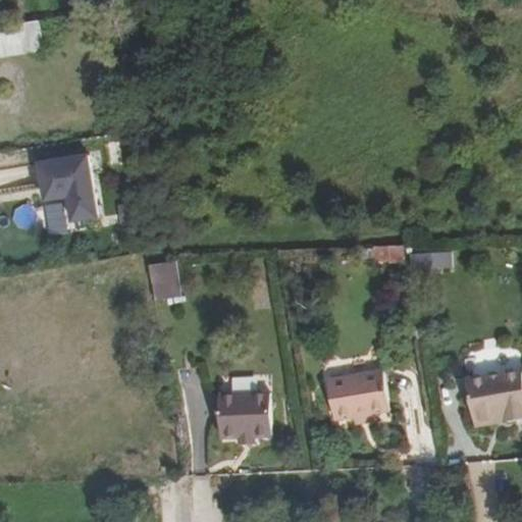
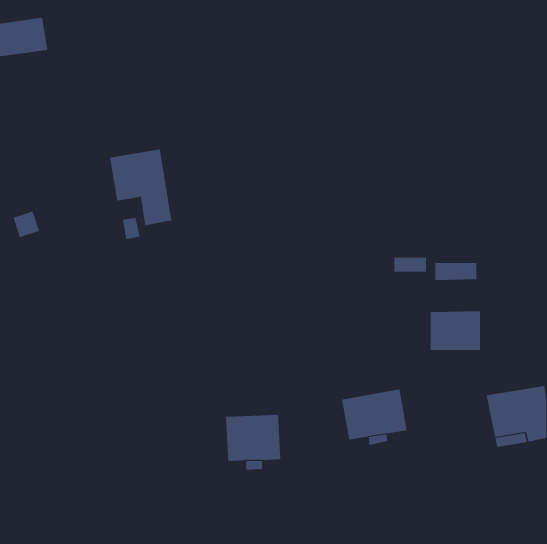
building: [37,152,97,225] -> [109,149,172,226]
building: [152,259,184,299] -> none
building: none -> [430,310,480,351]

